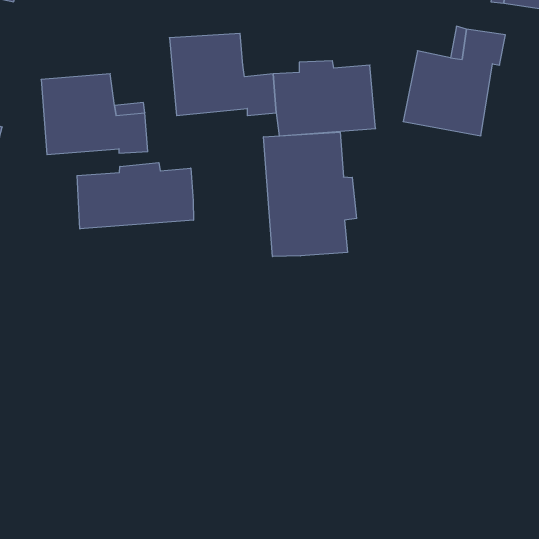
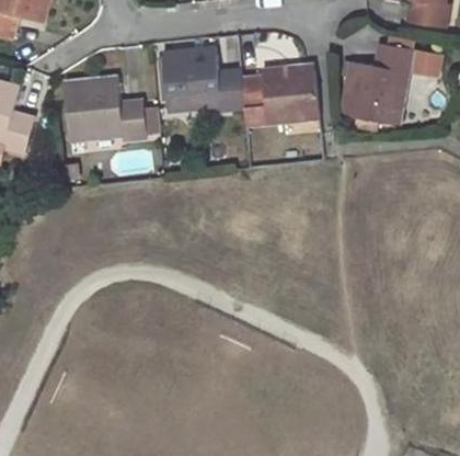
building: [264,132,357,257] -> none
building: [77,163,193,229] -> none

